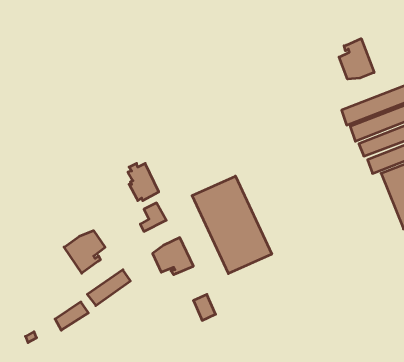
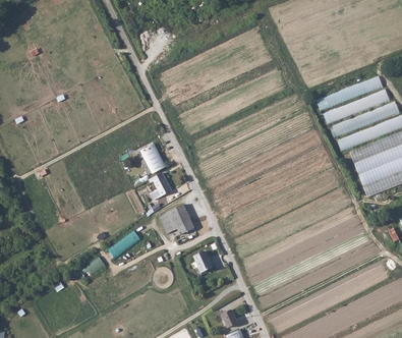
building: [339,39,374,79] -> none
building: [192,176,272,274] -> none
building: [64,231,105,273] -> none

